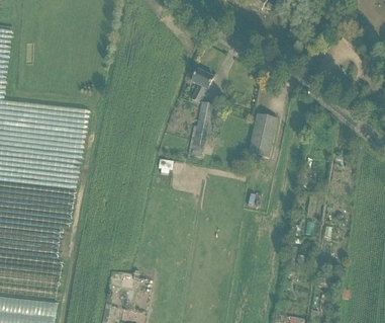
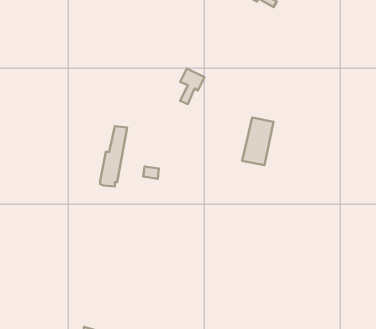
building: [189,100,213,155] -> [100,126,127,187]

